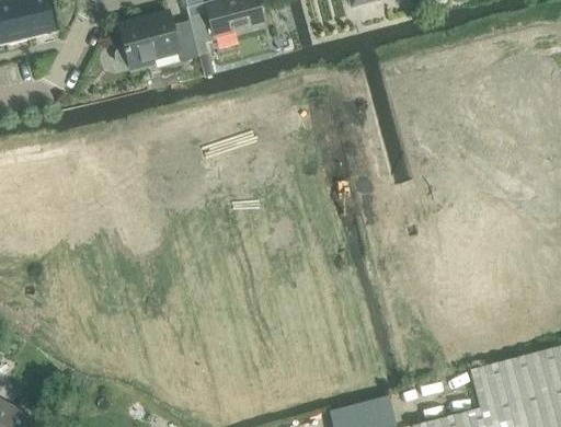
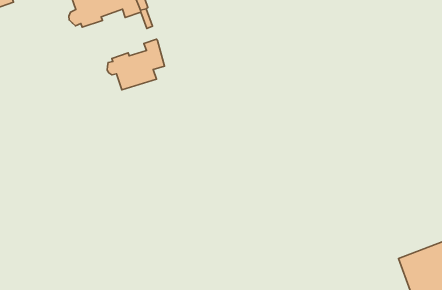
building: none -> [107,39,165,90]

